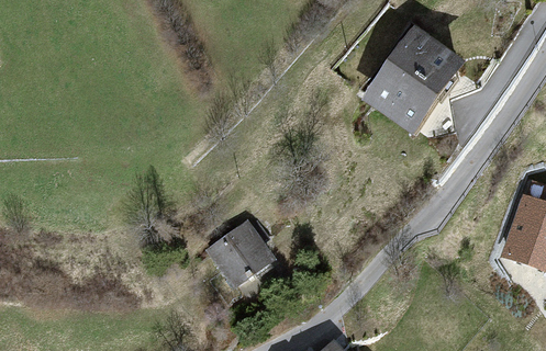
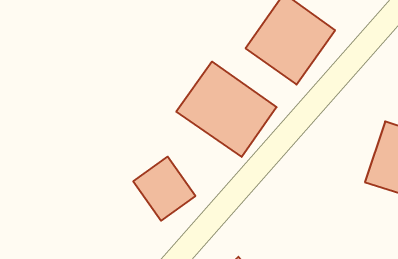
building: none -> [176,62,277,157]

